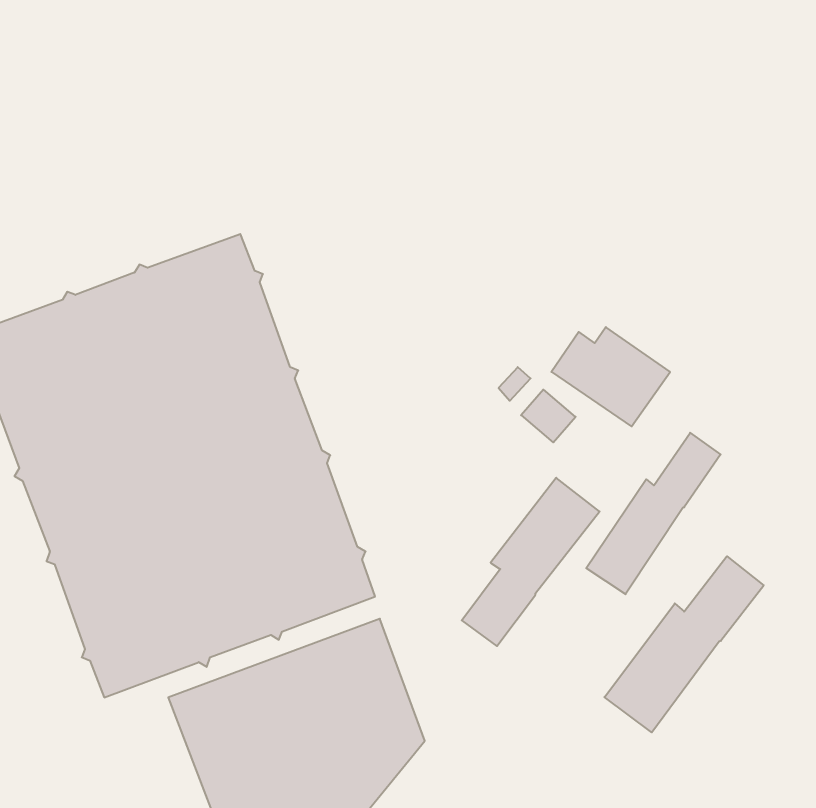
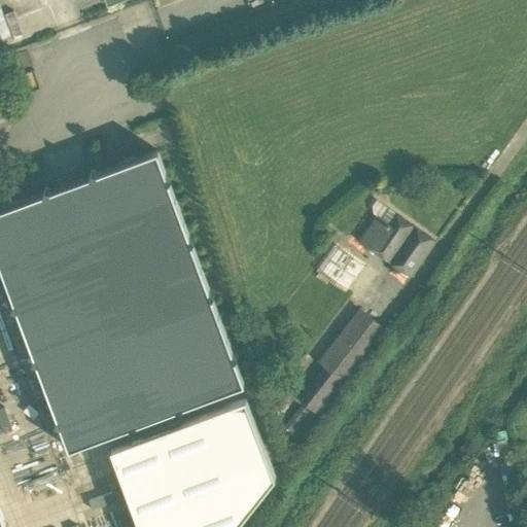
building: [586,433,721,594] -> none
building: [604,556,764,732] -> none

